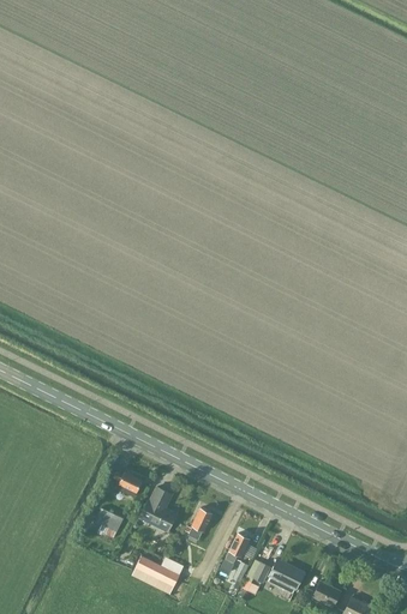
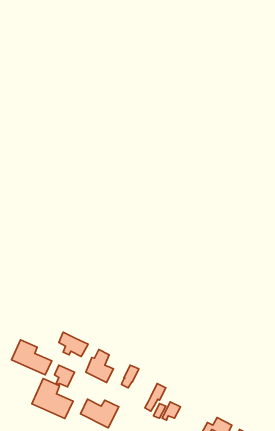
building: none -> [12,340,52,375]
building: none -> [32,379,73,419]
building: [269,559,305,592] -> none

